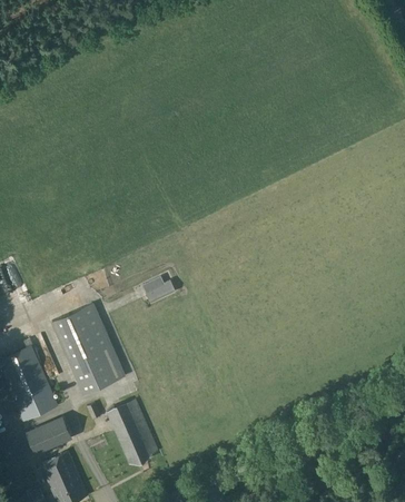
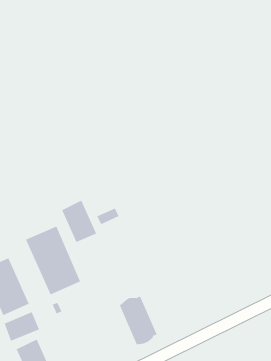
building: none -> [61,200,97,243]
building: [107,402,157,465] -> [119,296,158,345]

